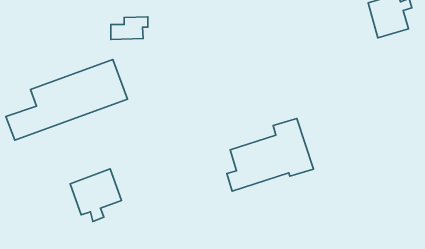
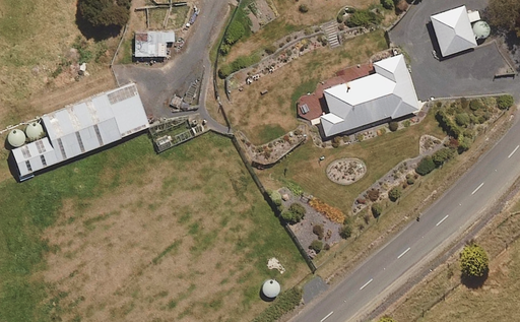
building: [227,118,313,191] -> [319,53,419,137]
building: [70,169,122,221] -> none

